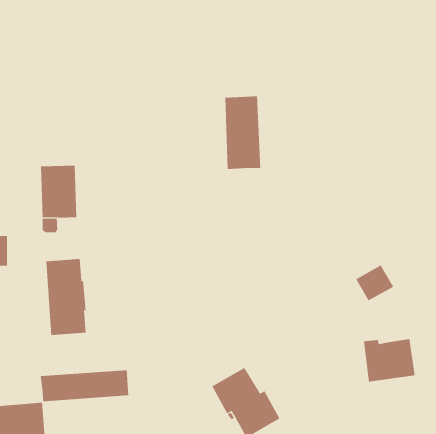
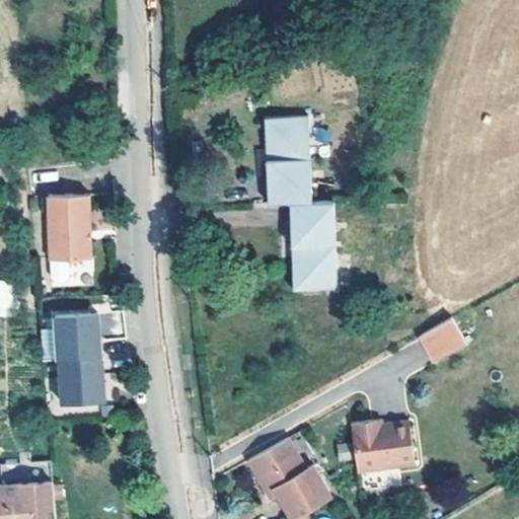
building: none -> [289,203,335,291]
building: [363,339,415,382] -> [351,422,413,473]
building: [40,369,129,402] -> none

